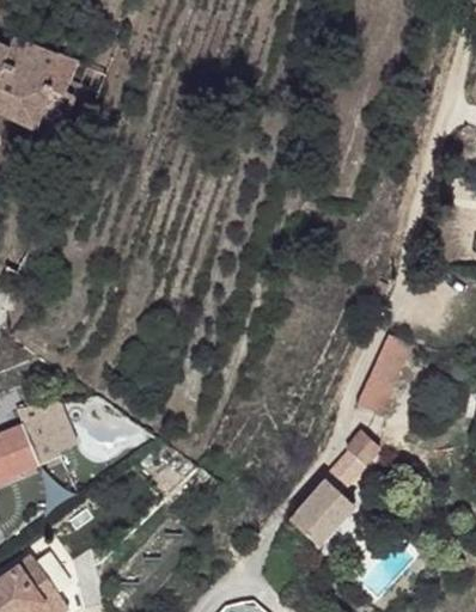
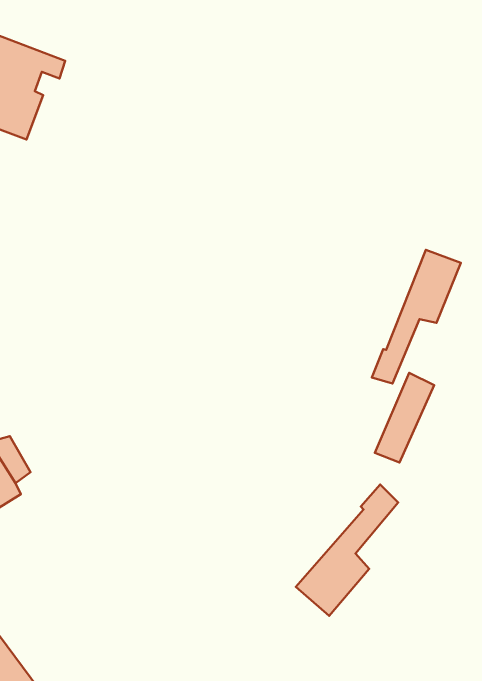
building: none -> [372,250,461,384]

